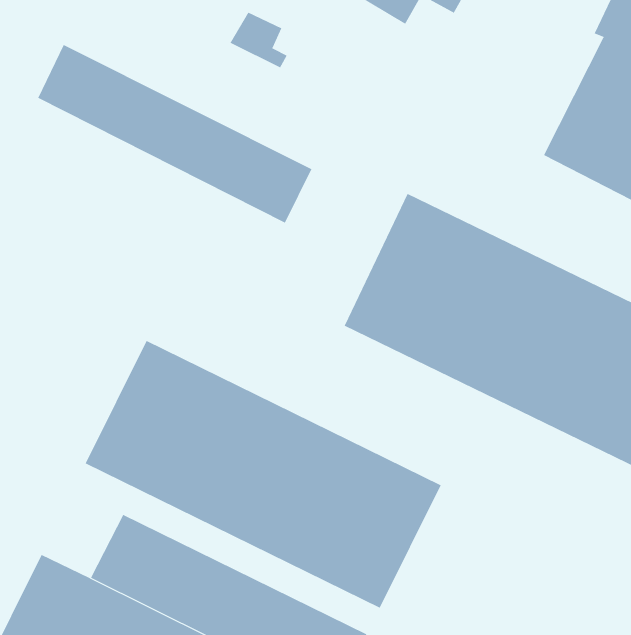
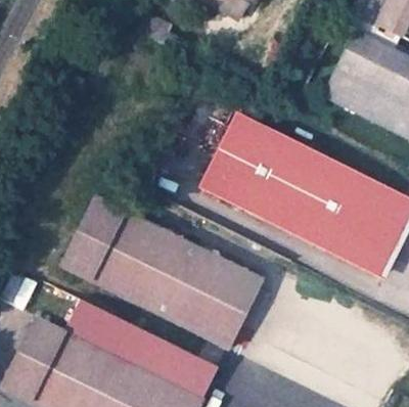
building: [38,44,312,223] -> none

